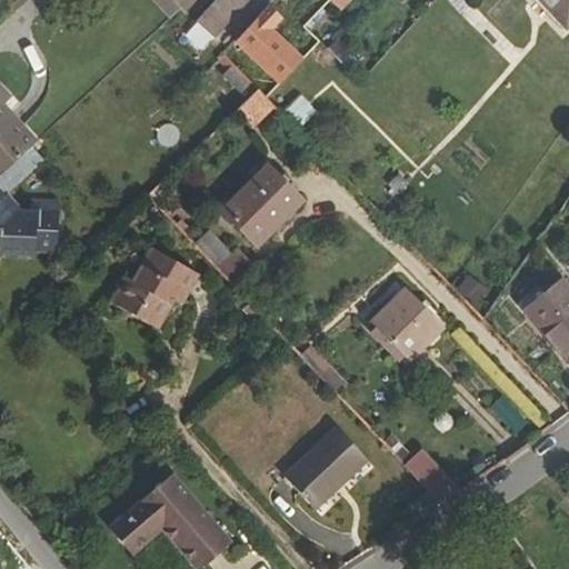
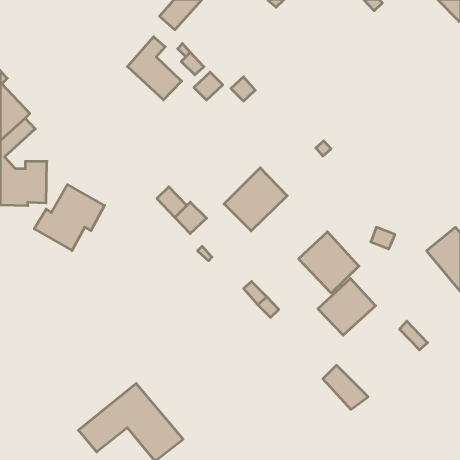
building: [237,4,303,82] -> [127,37,182,100]
building: [224,166,302,243] -> [224,168,287,231]
building: [112,247,199,328] -> [34,185,105,251]
building: none -> [318,278,376,335]
building: [278,427,362,509] -> none

